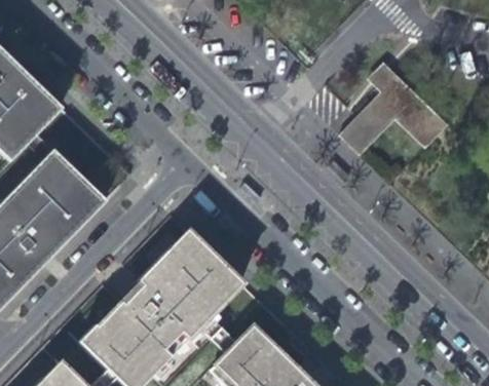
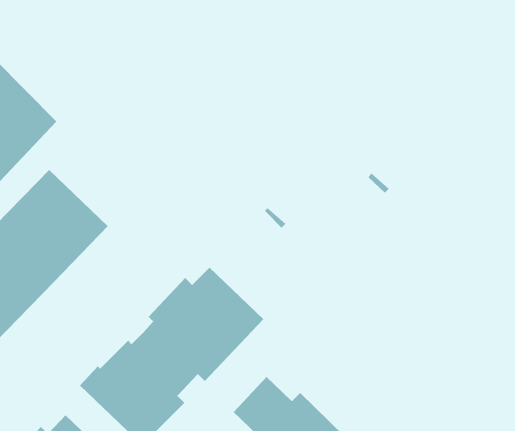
building: [339,74,448,157] -> none

